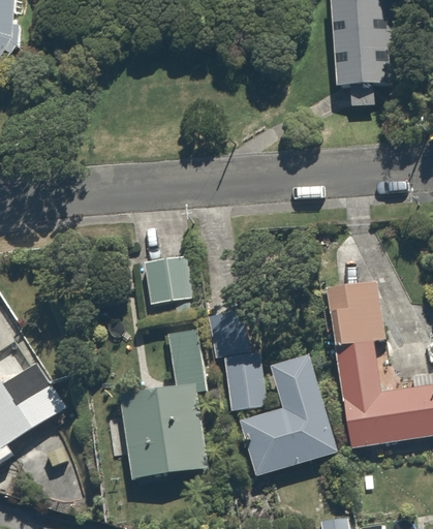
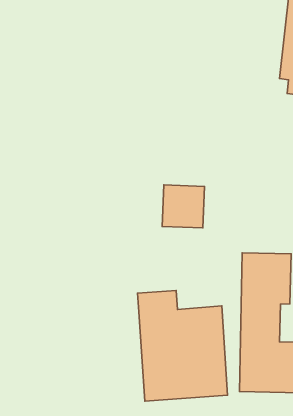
building: [141,249,192,302] -> [162,185,204,228]
building: [117,329,210,478] -> none

